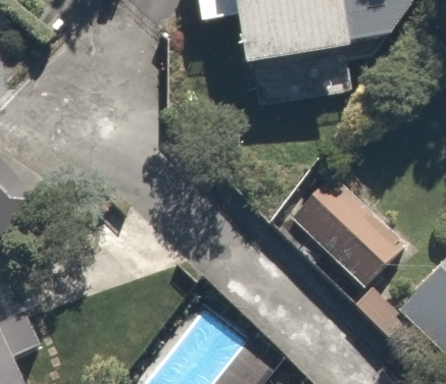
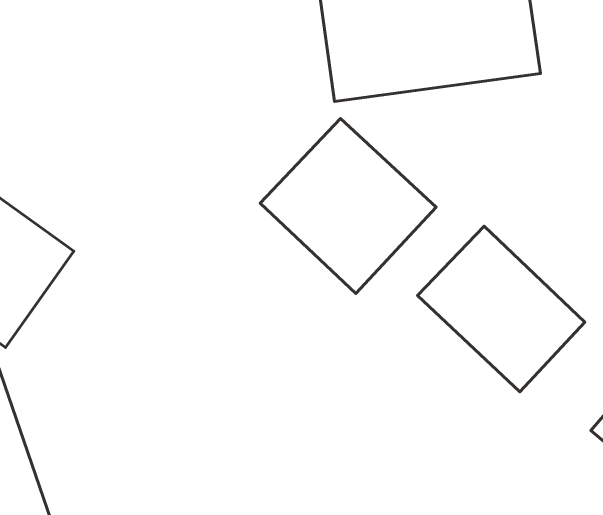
building: none -> [260,118,436,293]

